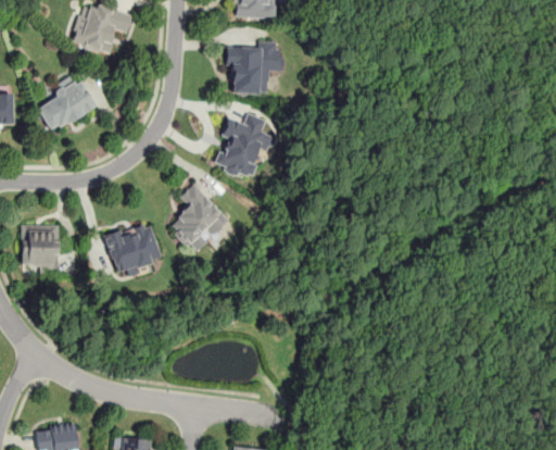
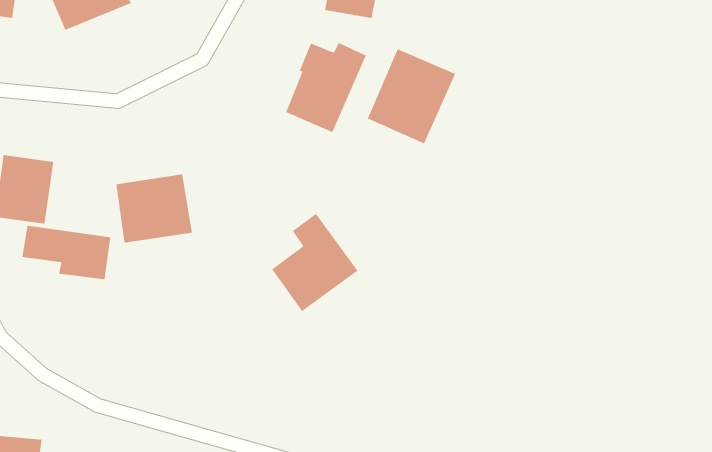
building: none -> [367,48,456,144]
building: [168,183,230,254] -> [271,213,358,312]
building: none -> [21,225,111,280]

